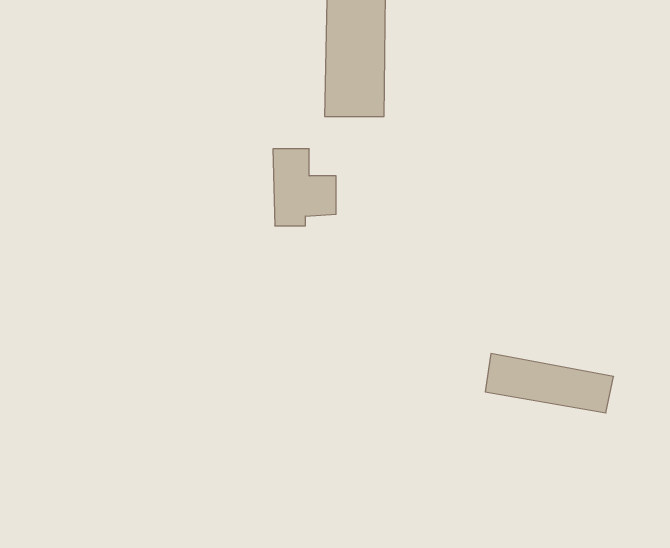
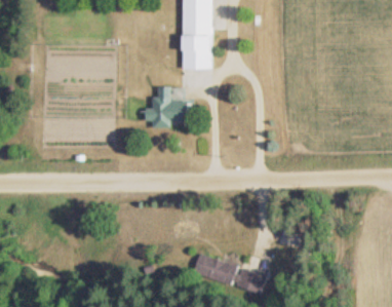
building: [485,354,614,413] -> [198,258,267,290]

